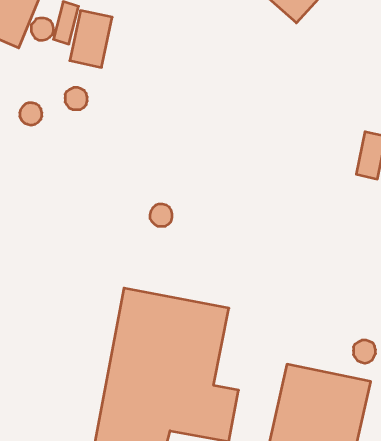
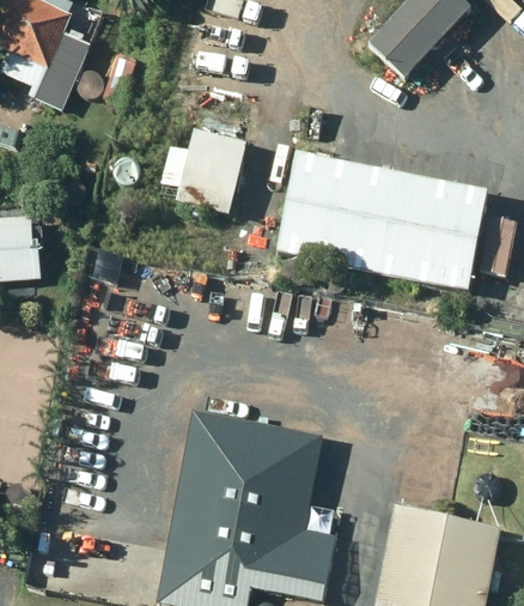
building: [70,11,112,67] -> [193,132,245,202]
building: none -> [274,149,489,289]

